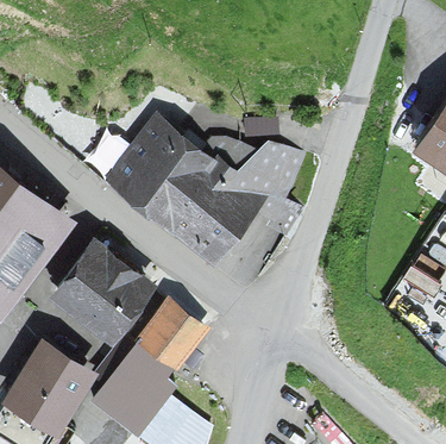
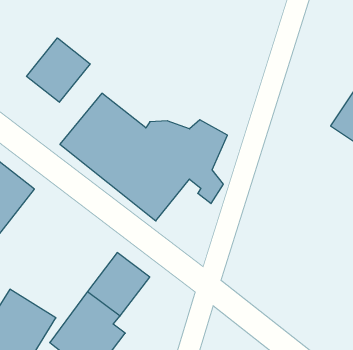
building: none -> [27,38,90,102]
building: [51,239,157,343] -> none

